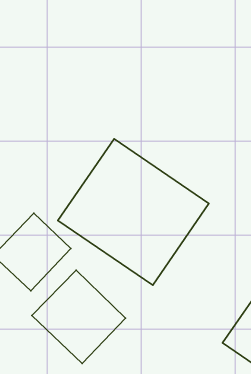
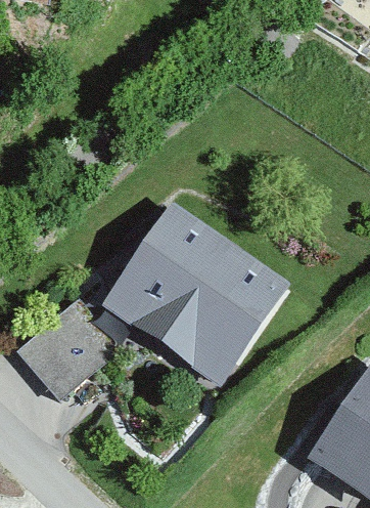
building: [32,270,126,363] -> none

